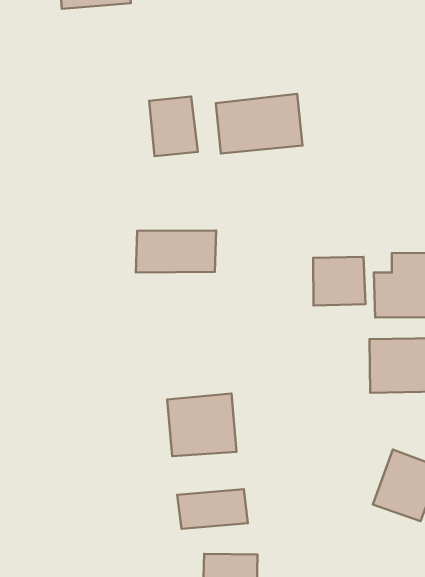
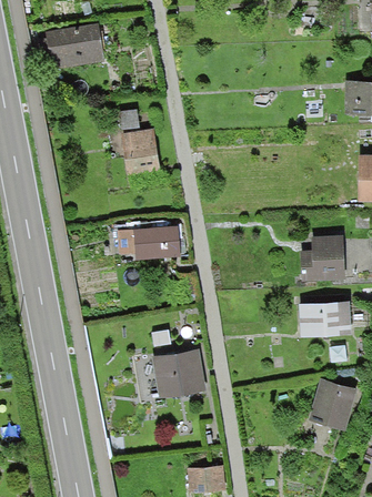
building: [216,94,302,153] -> none
building: [313,257,365,305] -> none
building: [177,489,248,529] -> none

